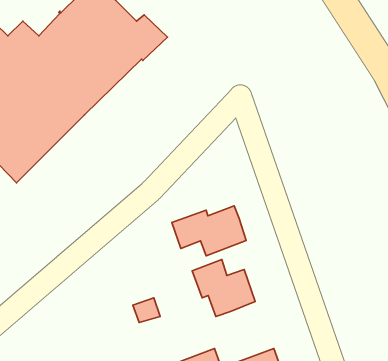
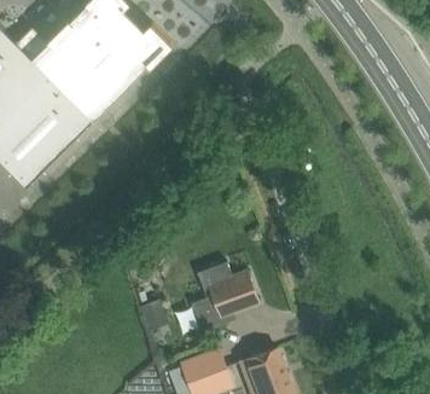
building: [172,206,246,256] -> none

